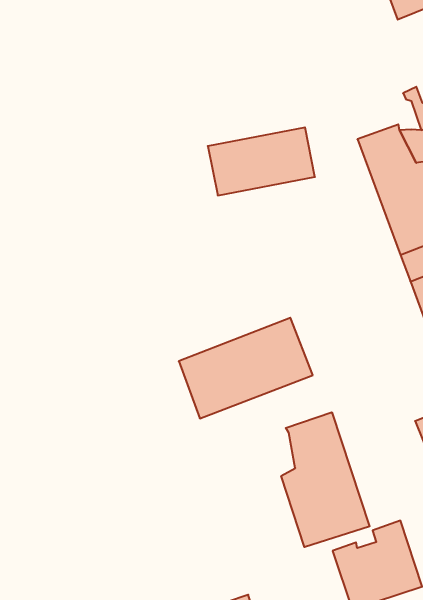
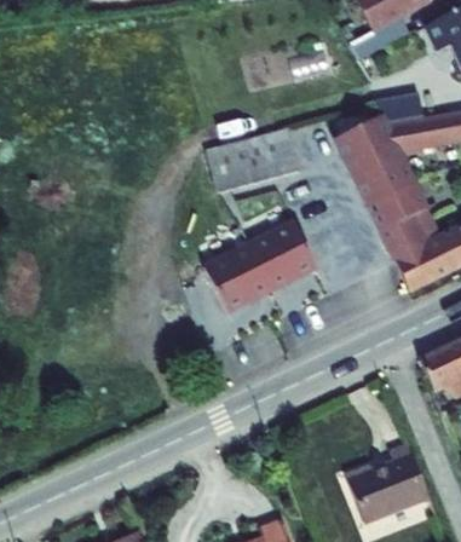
building: [179,318,313,418] -> [208,214,322,304]
building: [281,412,370,547] -> none

